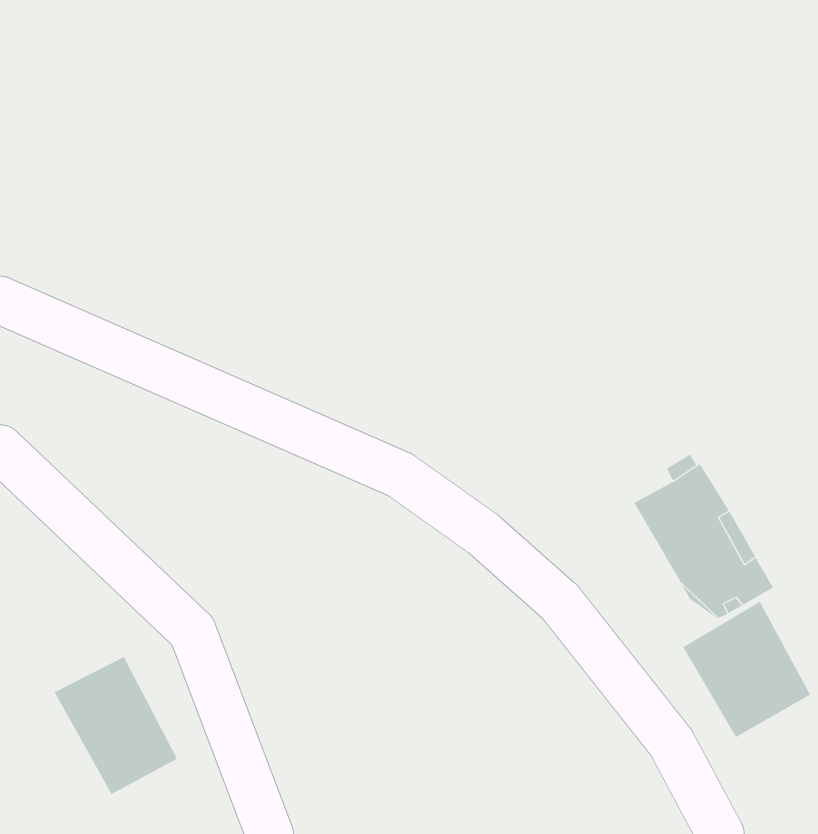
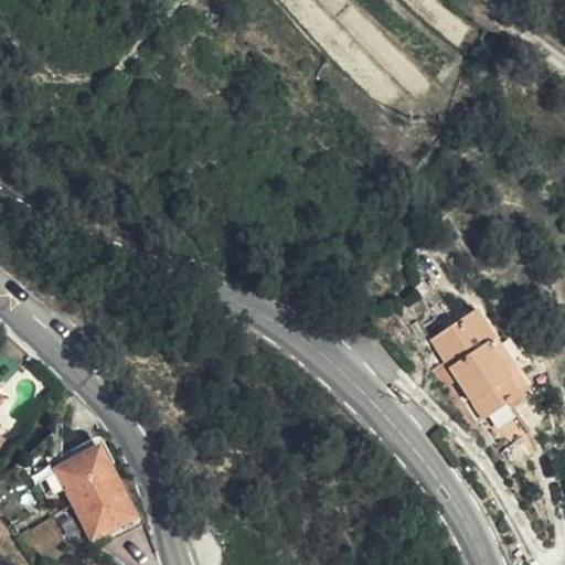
building: [683,601,811,738] -> none

